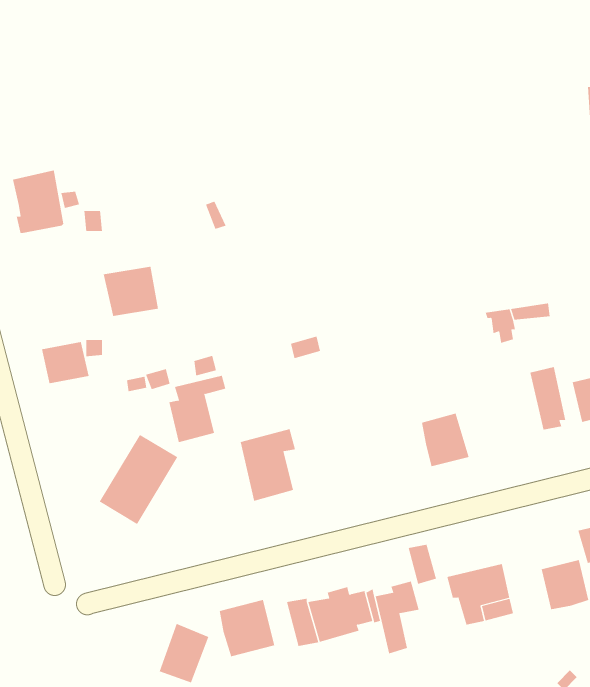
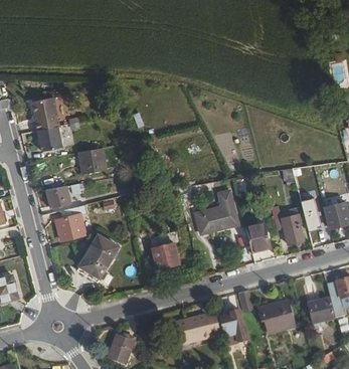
building: none -> [37,125,62,150]
building: [168,375,226,443] -> [57,204,88,239]
building: none -> [195,203,237,233]
building: none -> [270,204,301,241]
building: [219,599,275,657] -> none

